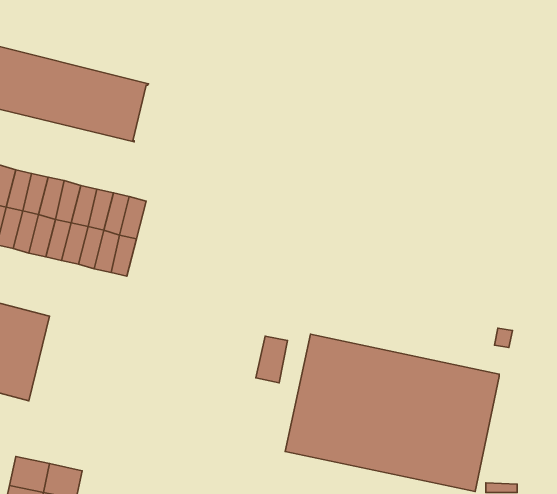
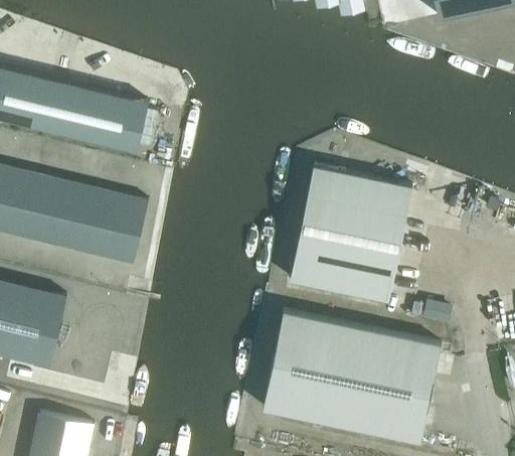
building: none -> [290,167,410,302]
building: [256,336,288,383] -> none

